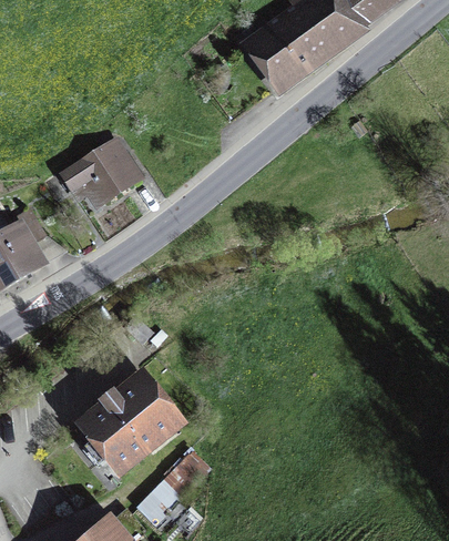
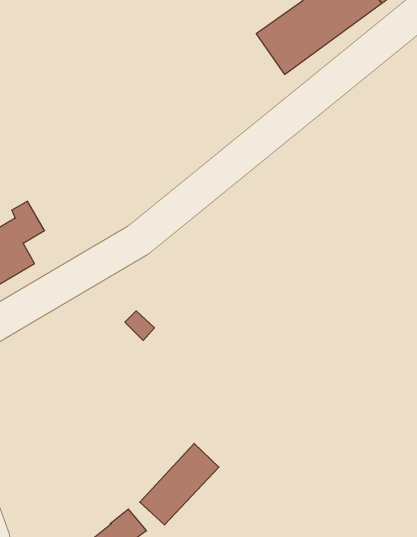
building: [62,141,139,206] -> none
building: [86,382,175,467] -> none

